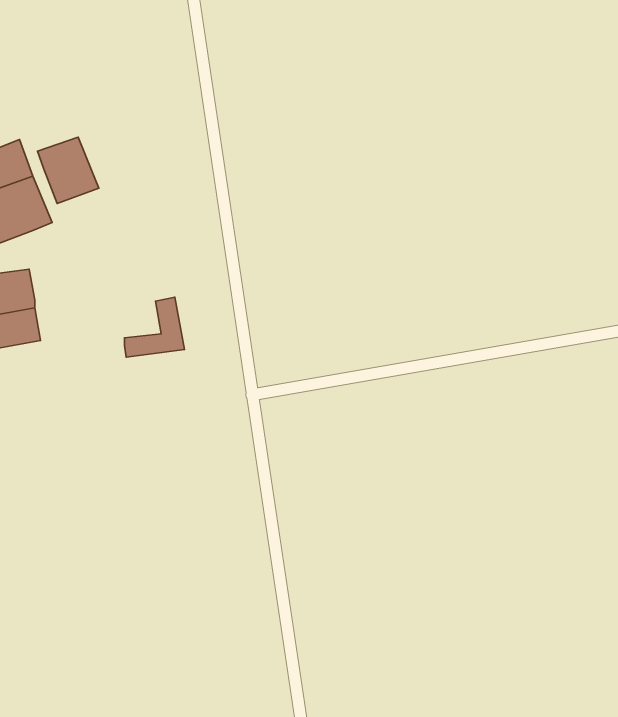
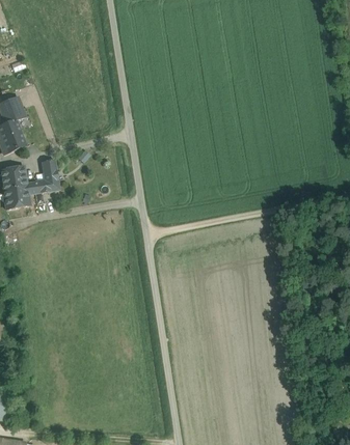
building: [37,137,99,203] -> none
building: [124,297,184,357] -> [26,160,58,192]

